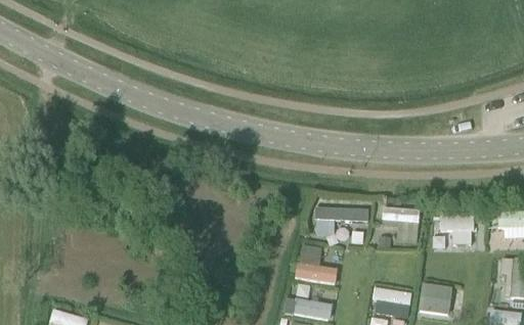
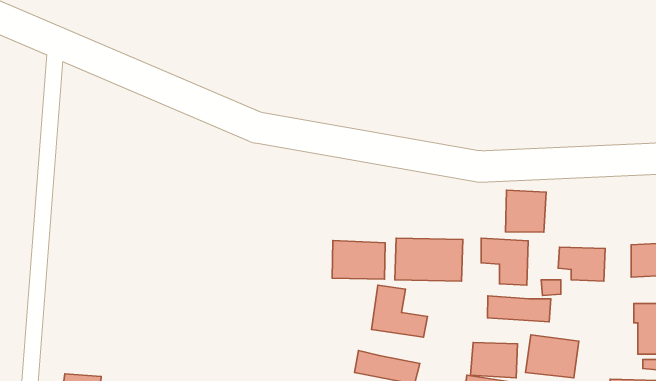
building: none -> [505,190,546,232]
building: none -> [332,241,385,279]
building: none -> [488,296,551,322]

